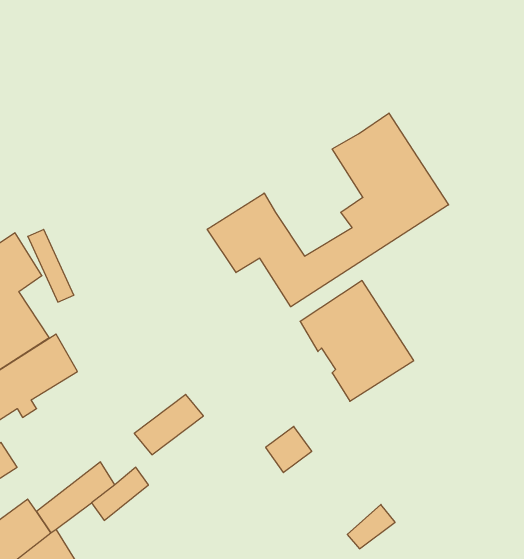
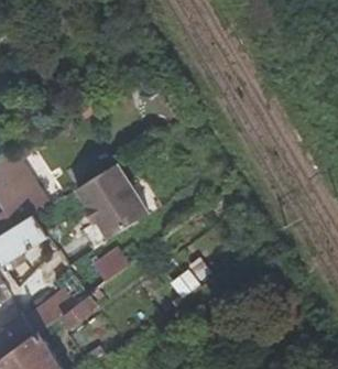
building: [207,113,449,307] -> none
building: [300,281,414,401] -> [74,163,144,238]

